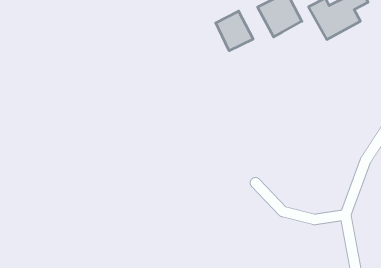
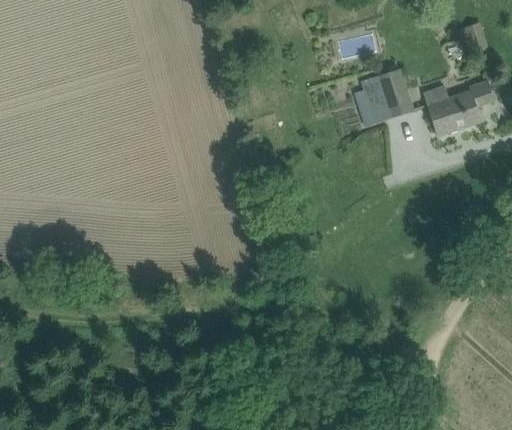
building: [216,11,253,51] -> none

